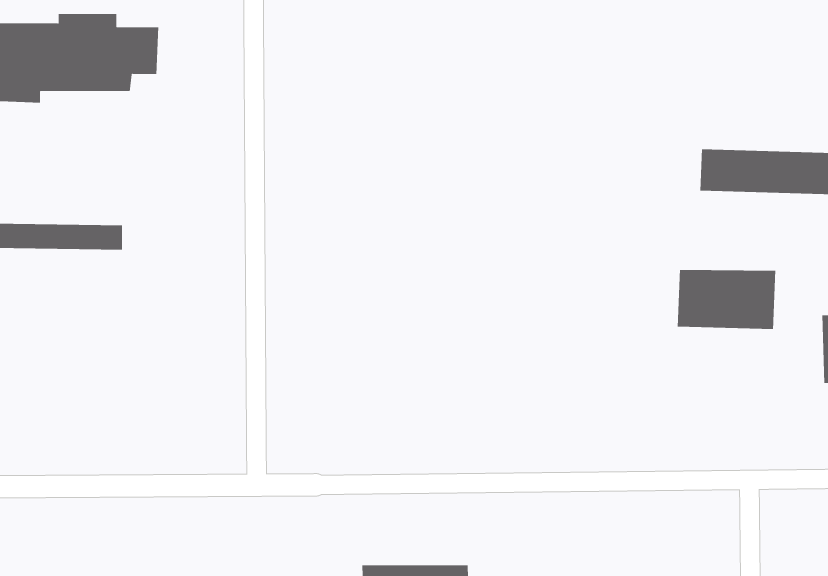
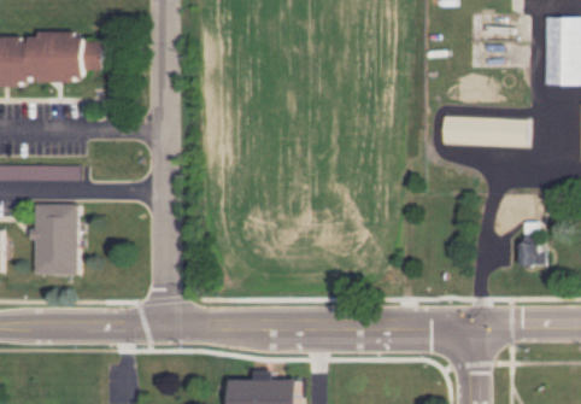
building: [677,269,776,330] -> none
building: none -> [33,204,81,275]

